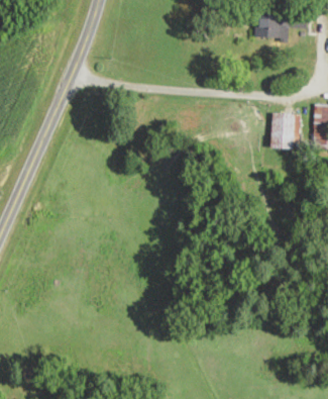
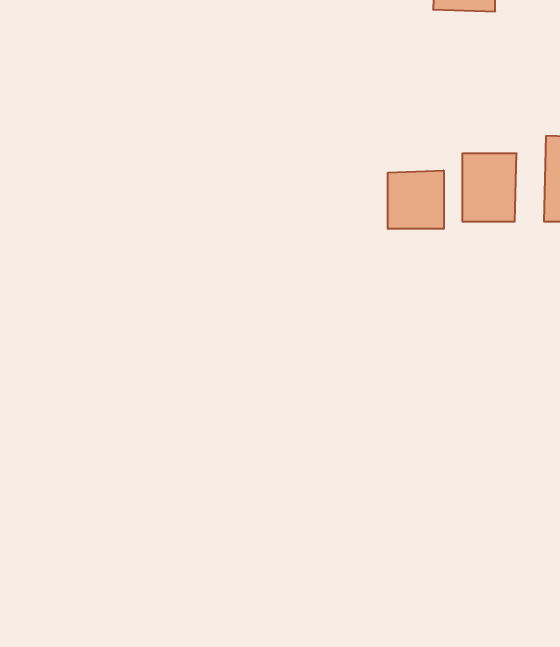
building: none -> [388,170,444,229]

